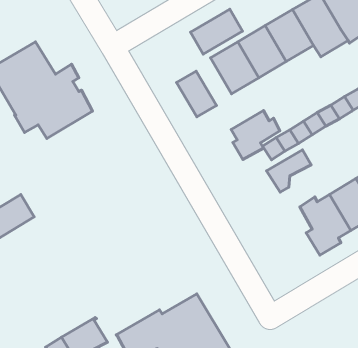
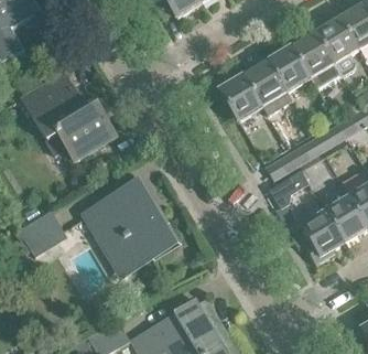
building: [190,9,243,54] -> none
building: [177,71,216,117] -> none
building: [231,111,280,160] -> none
building: none -> [77,182,177,278]

